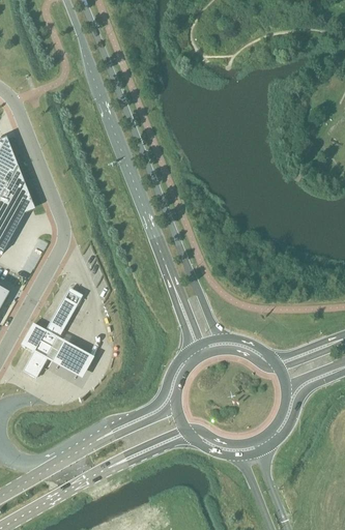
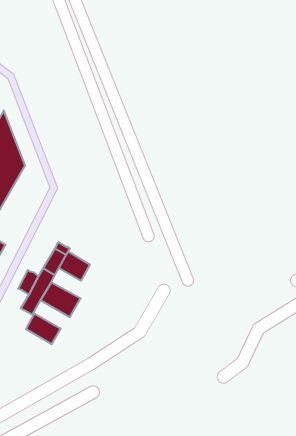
building: none -> [59,251,90,281]
building: none -> [26,314,61,344]

